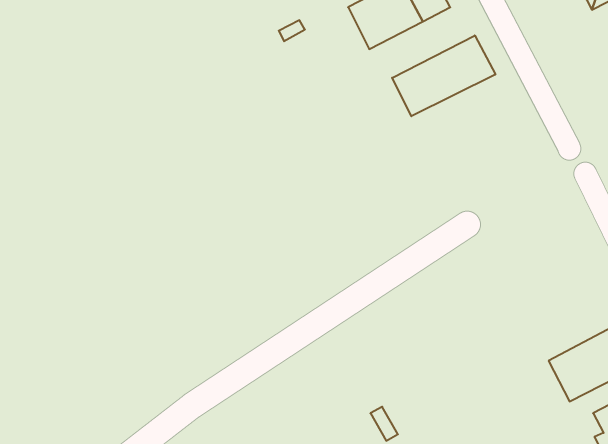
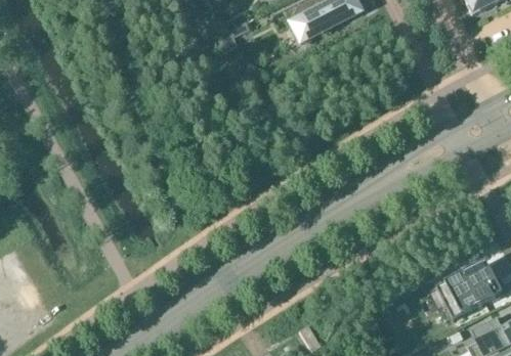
building: [392,35,495,116] -> none

